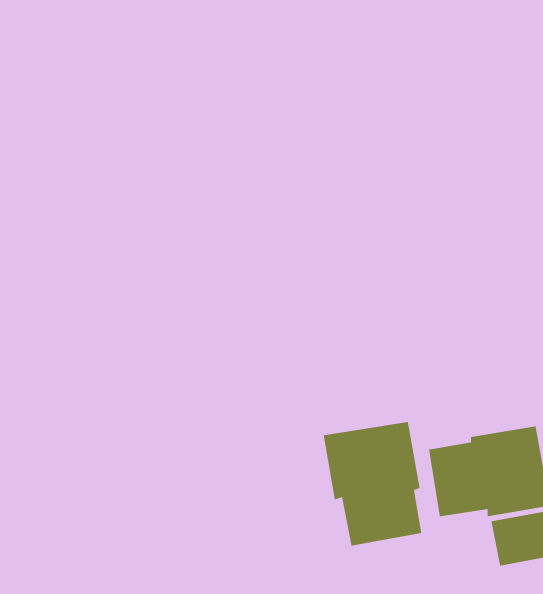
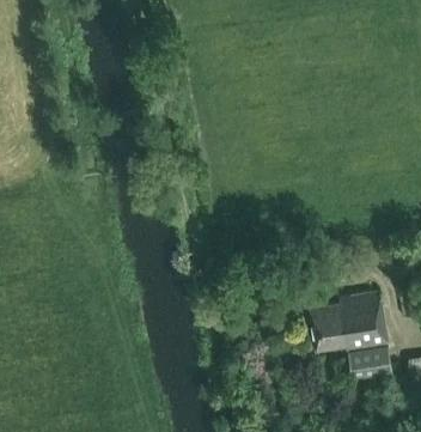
building: [323,421,422,547] -> none

